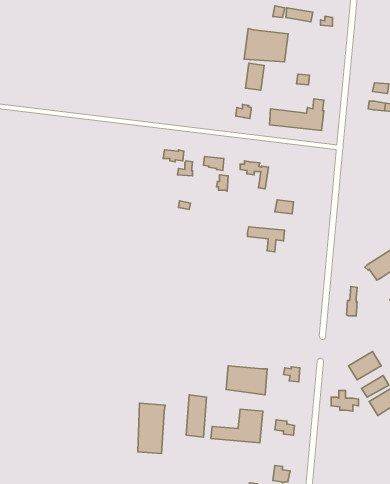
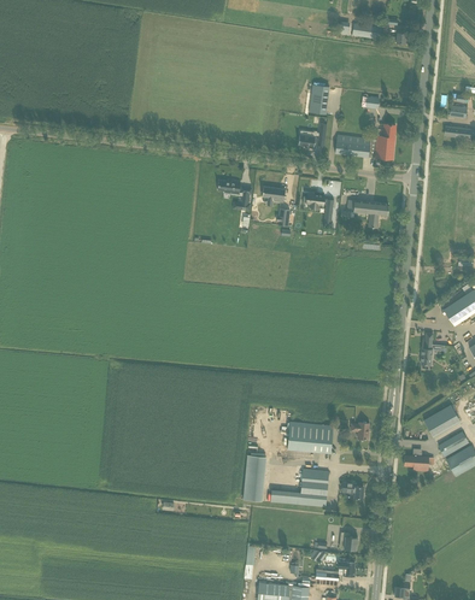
building: [244,29,288,62] -> none
building: [248,227,284,252] -> [346,199,387,227]
building: [138,403,165,453] -> none

